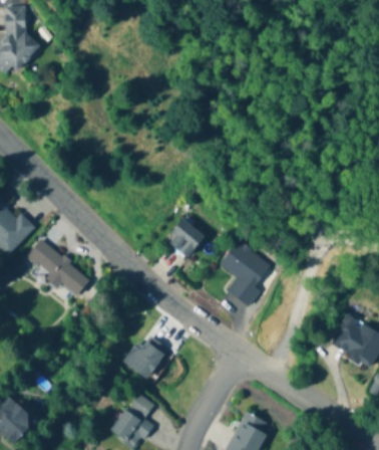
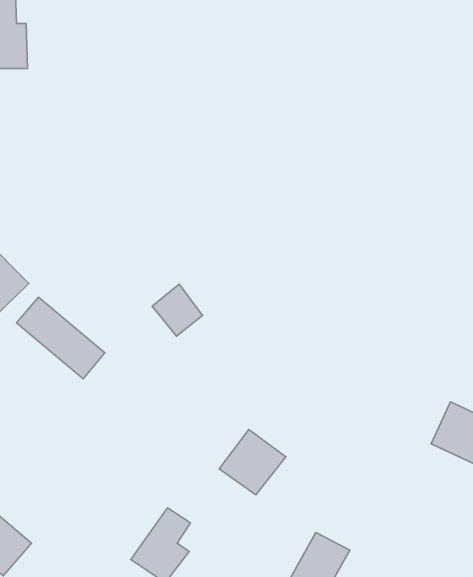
building: [165,218,203,256] -> [152,284,202,336]
building: [219,240,269,305] -> none
building: [123,333,172,382] -> [219,429,286,495]

